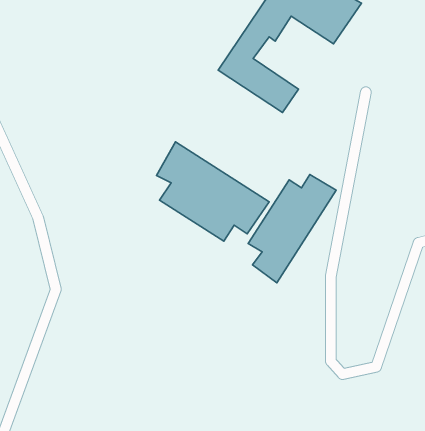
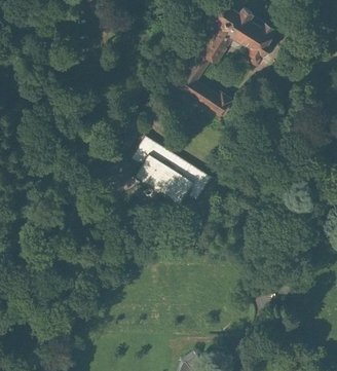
building: [248,175,336,283] -> none

